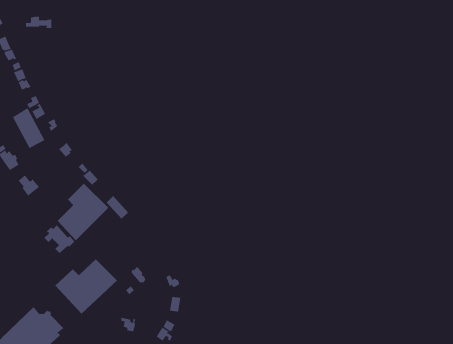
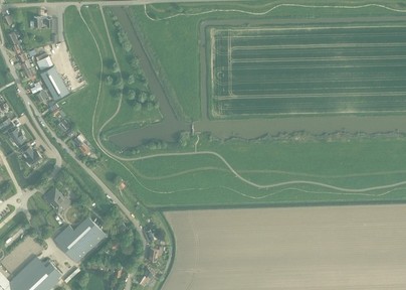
building: [12,107,45,149] -> [40,64,67,99]
building: [57,183,109,241] -> none

